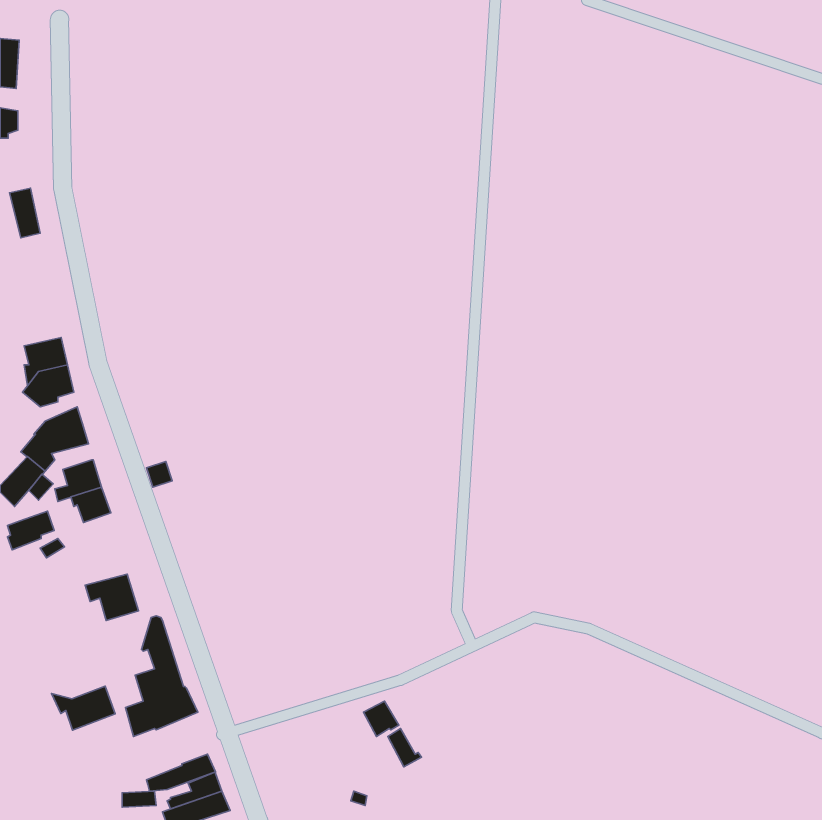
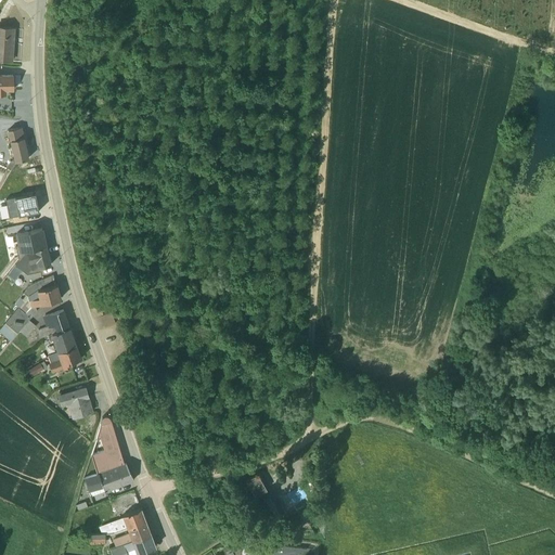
building: none -> [5,194,39,218]
building: [7,511,54,550] -> [48,347,79,373]
building: [51,686,115,730] -> none

